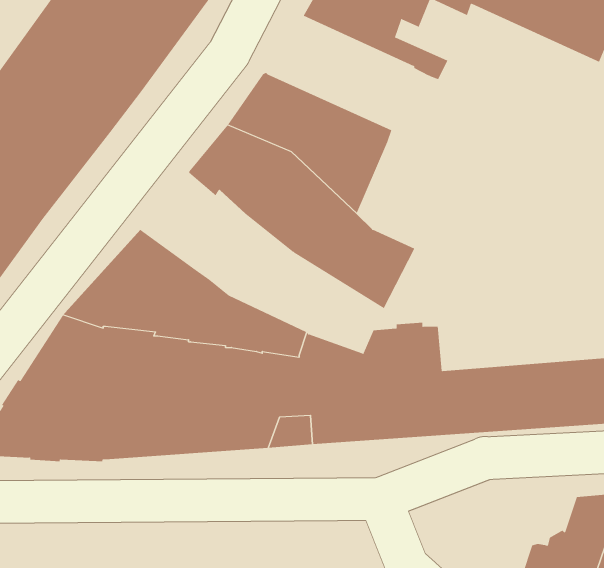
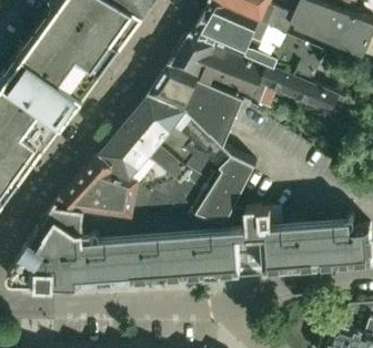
building: none -> [172,33,336,120]
building: none -> [99,121,239,224]

